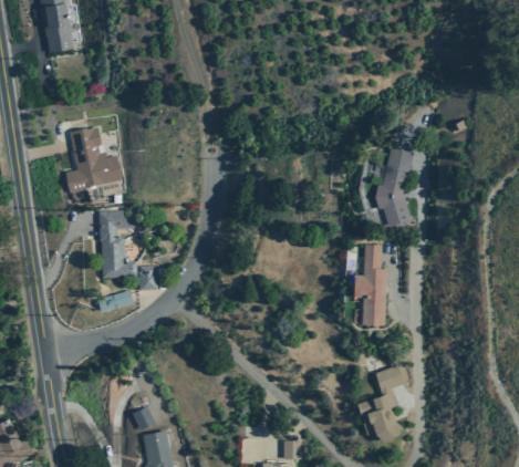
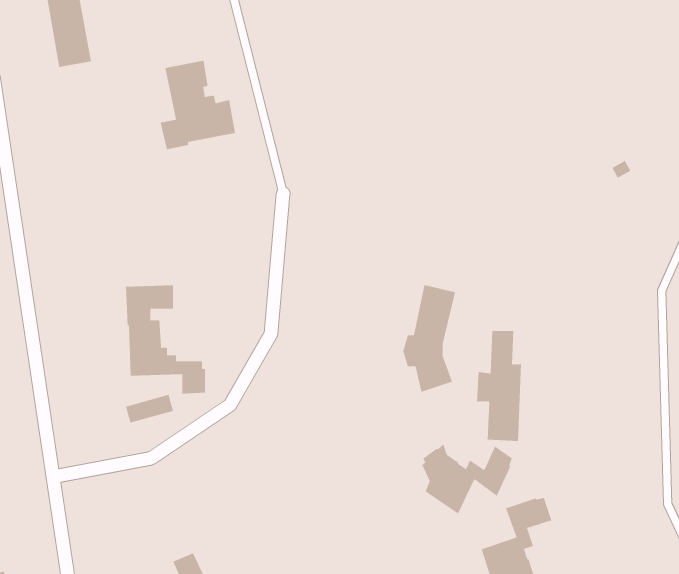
building: [66,127,122,193] -> [160,60,236,150]
building: [375,148,414,227] -> [403,285,456,393]
building: none -> [421,443,512,514]

